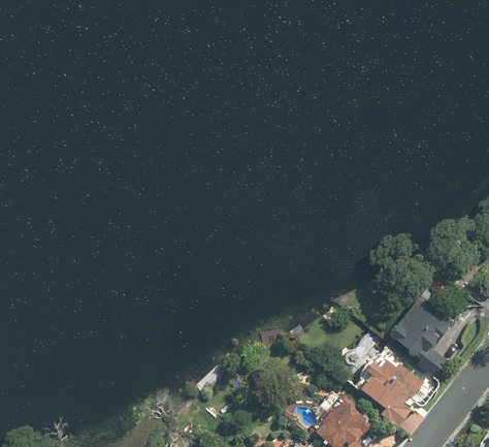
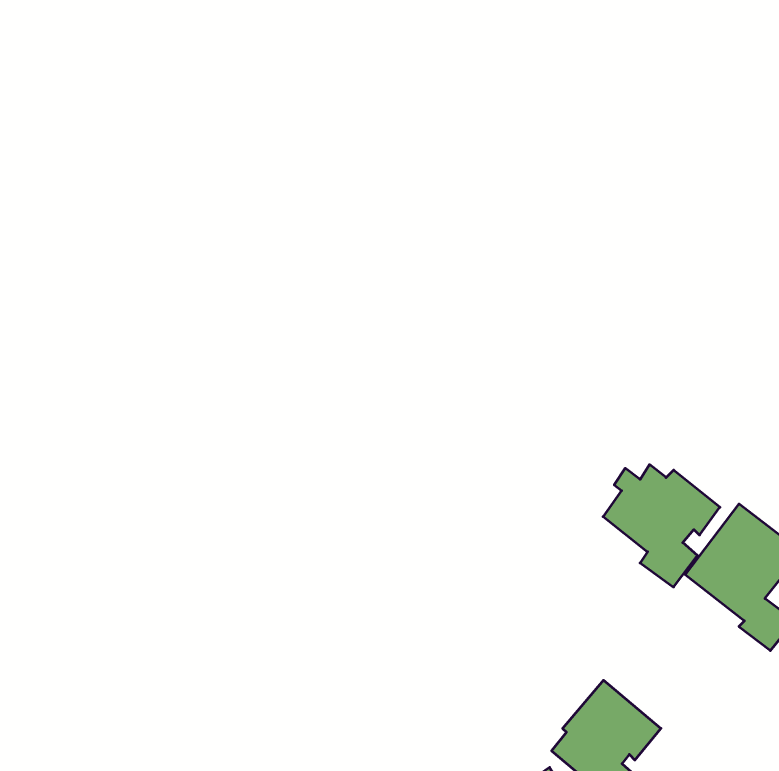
building: [360,359,425,427] -> [603,465,720,587]

